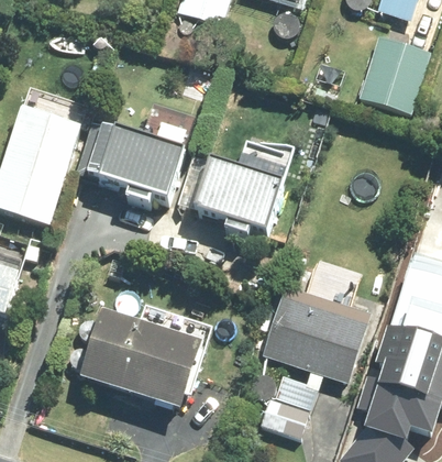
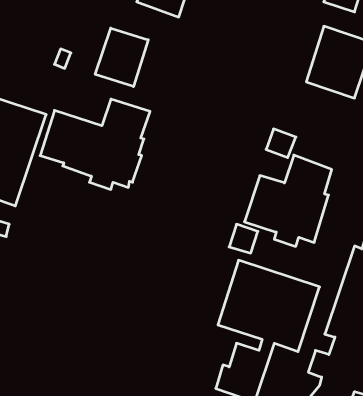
building: none -> [95,28,148,87]
building: [192,140,286,238] -> [244,155,332,246]
building: [80,314,206,412] -> none

